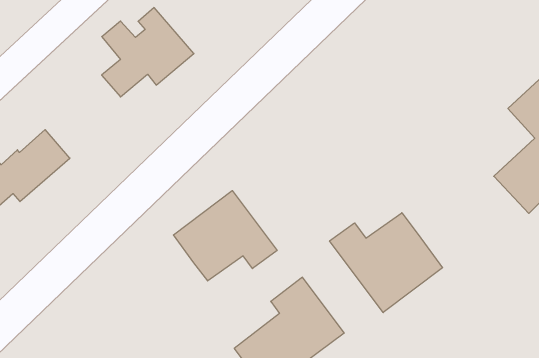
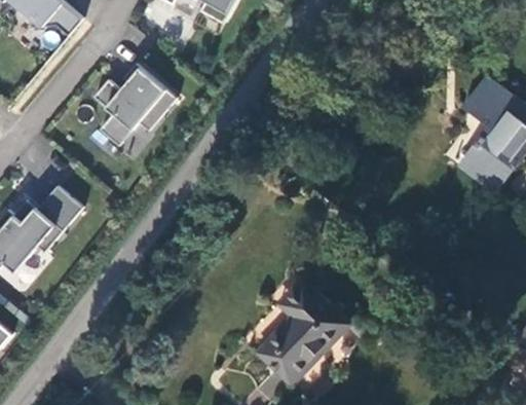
building: [173,191,277,281] -> none
building: [330,213,443,313] -> none

